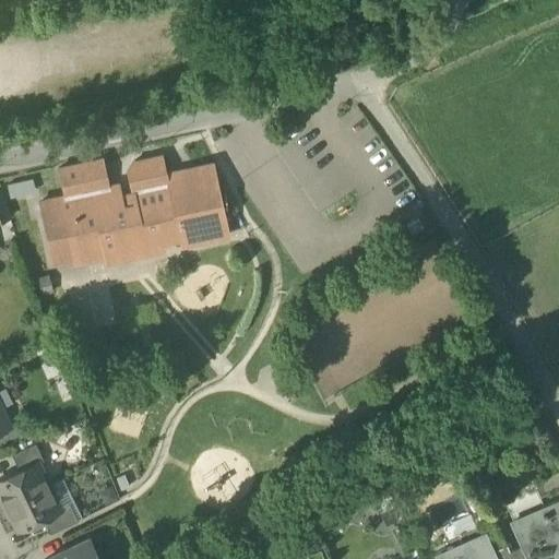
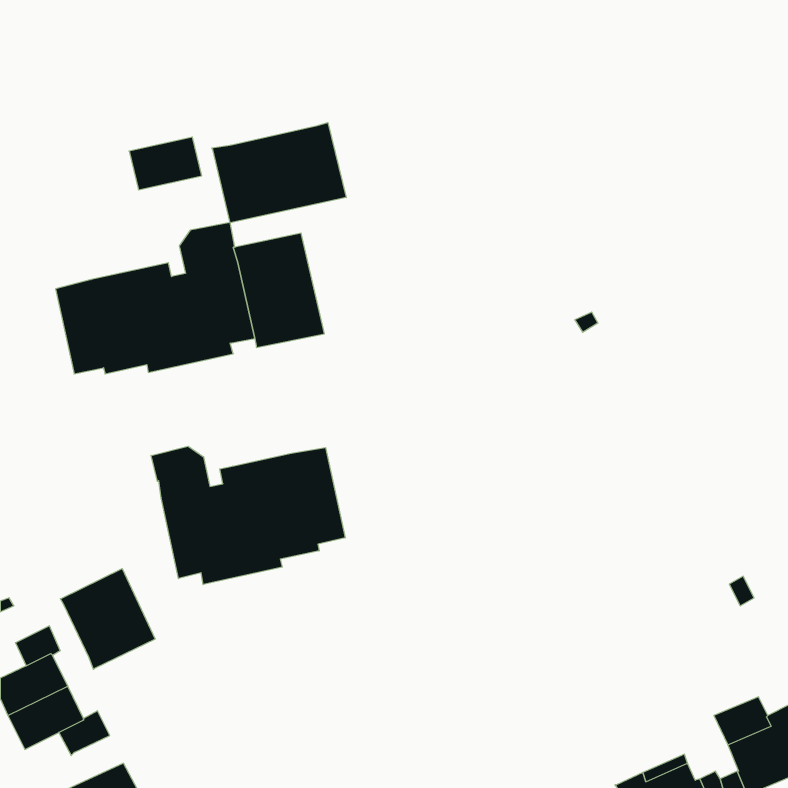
building: none -> [212,123,346,223]
building: [59,162,110,199] -> [129,137,202,190]
building: none -> [151,446,345,585]
building: none -> [60,569,155,669]

